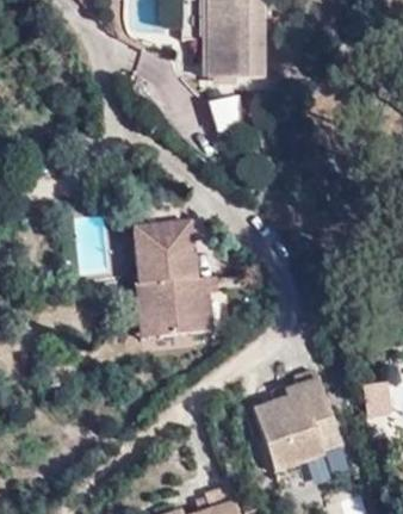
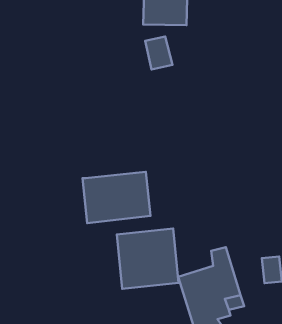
building: [129,211,200,279] -> none
building: none -> [117,229,178,289]

